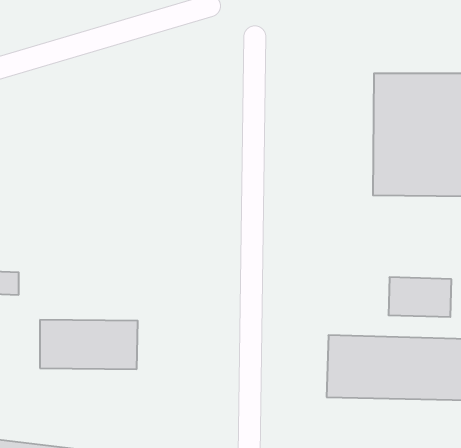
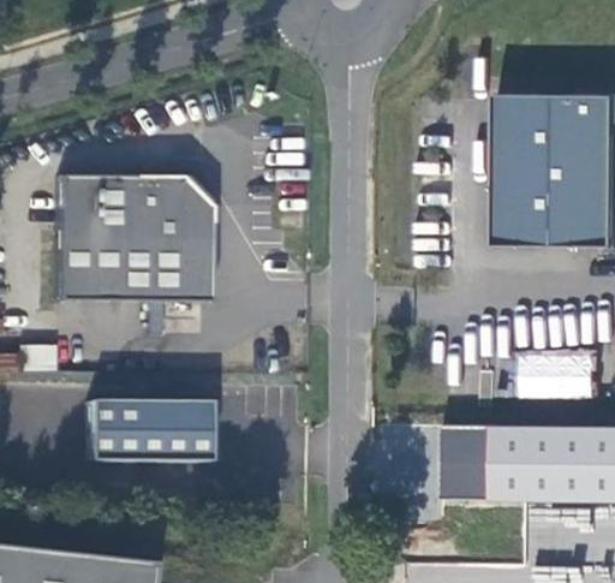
building: none -> [59,174,214,334]

